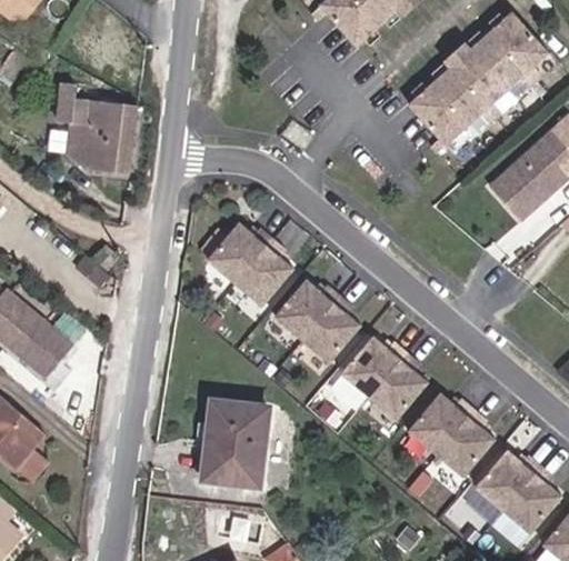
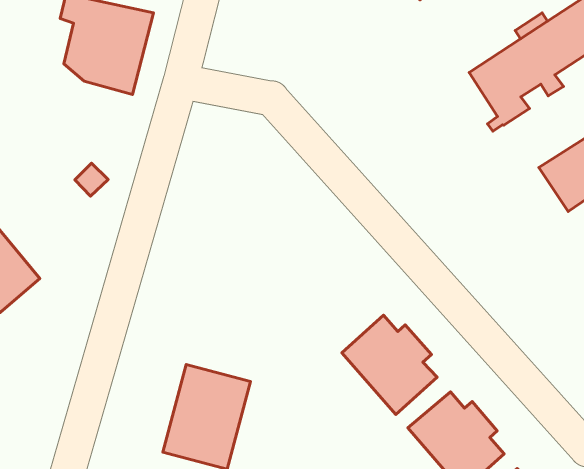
building: [206,220,292,303] -> none
building: [273,277,360,361] -> none

